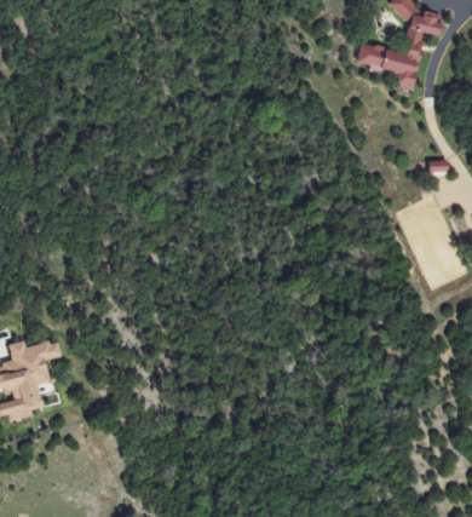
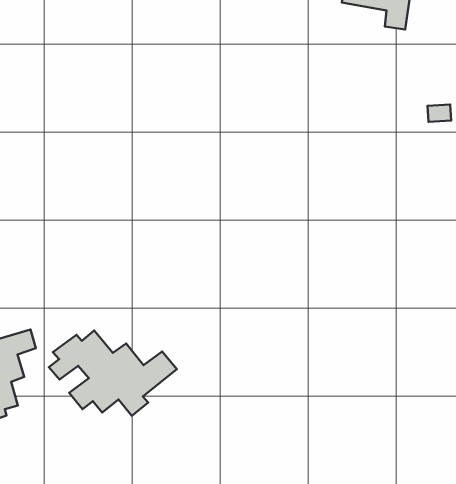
building: none -> [49,330,177,416]

